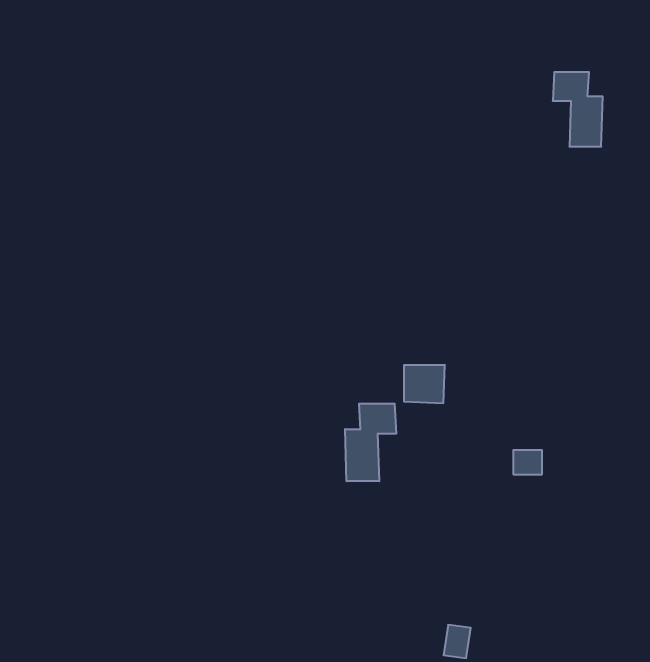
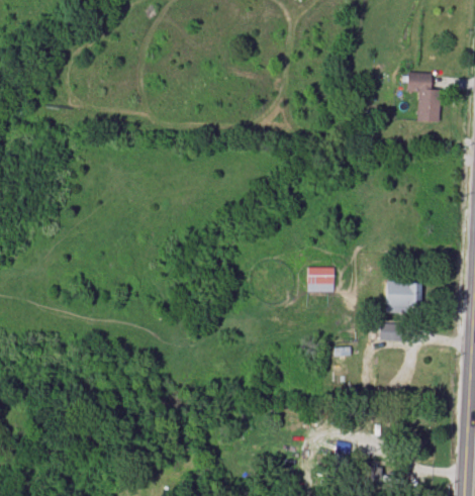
building: none -> [385,281,421,312]
building: [345,404,396,481] -> none

